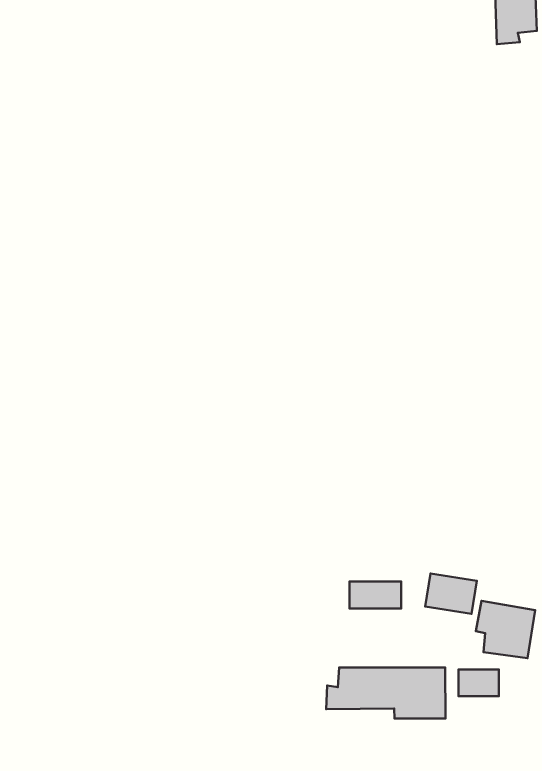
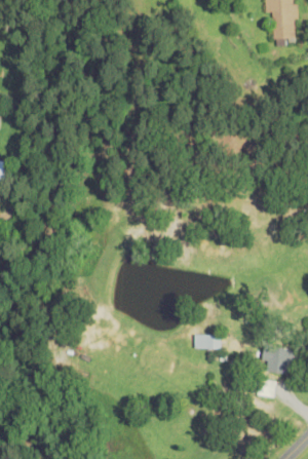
building: [425,573,477,614] -> none
building: [326,667,445,718] -> none

